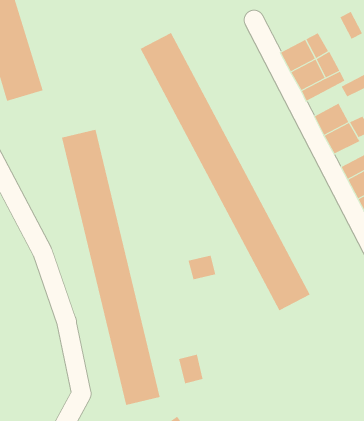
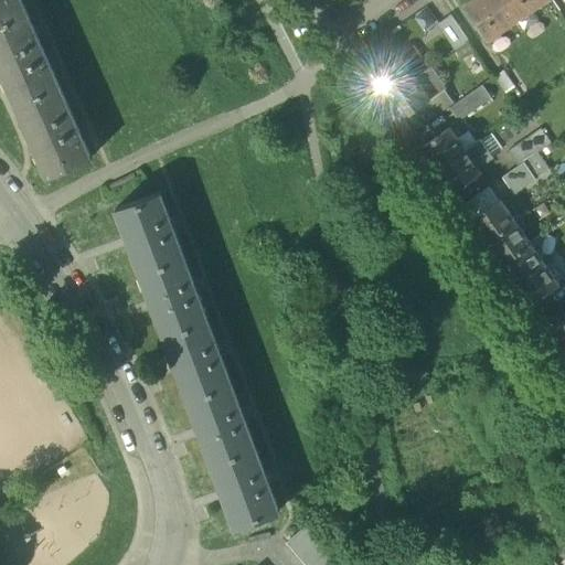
building: [140,32,310,311] -> none
building: [188,255,216,280] -> none
building: [179,354,203,384] -> none

